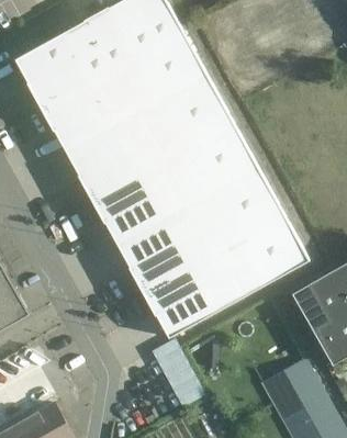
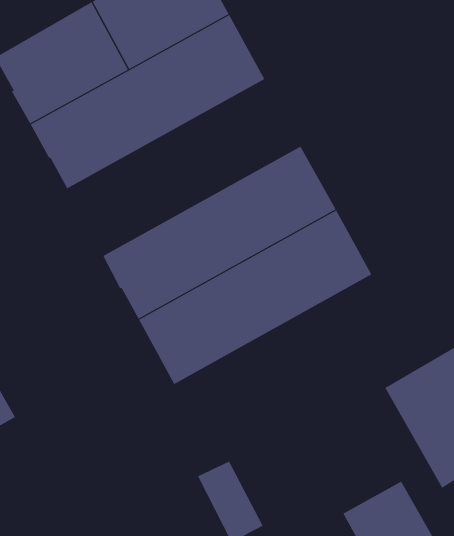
building: [65,75,231,200] -> none
building: [141,213,307,338] -> none

